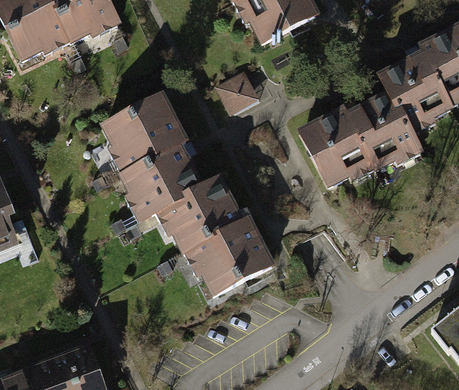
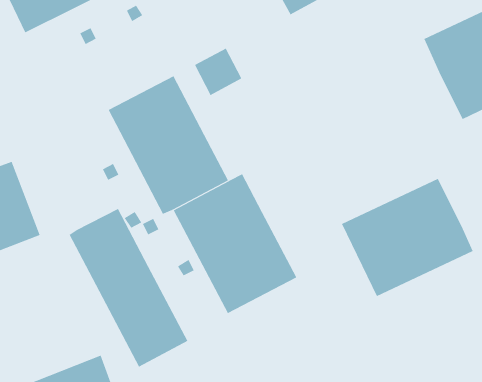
building: [215,67,257,109] -> [194,48,242,96]
building: [302,93,418,197] -> [341,178,473,297]
building: none -> [69,208,188,368]

